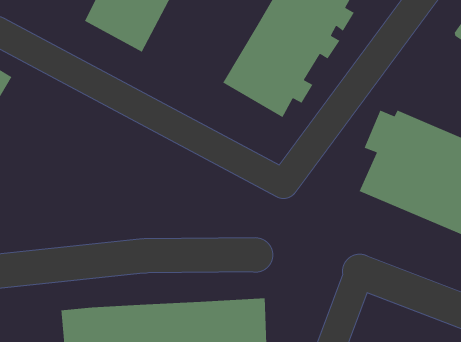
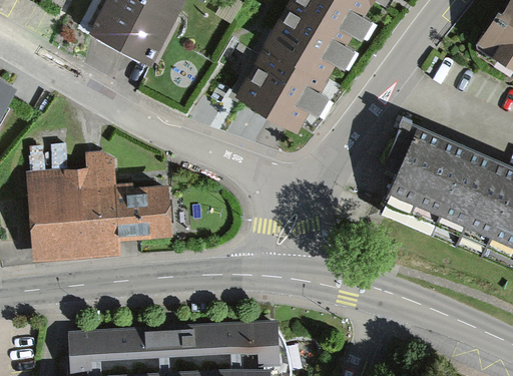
building: none -> [28,152,171,263]

